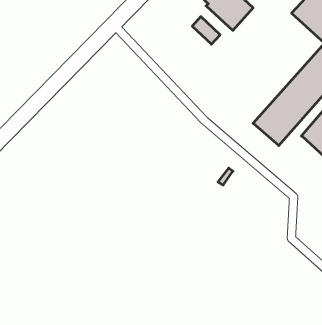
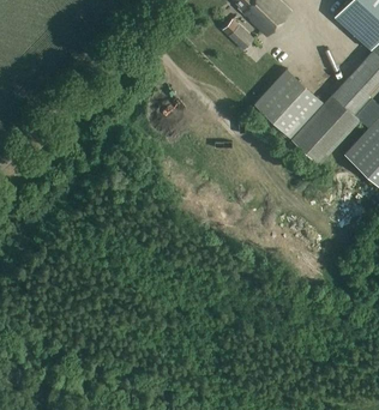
building: none -> [253,70,323,139]

